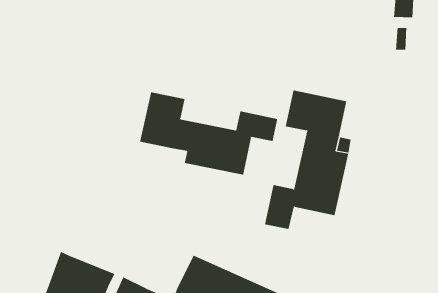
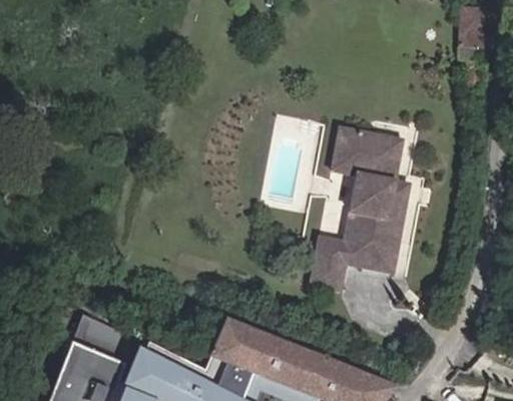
building: [140,91,278,175] -> none

